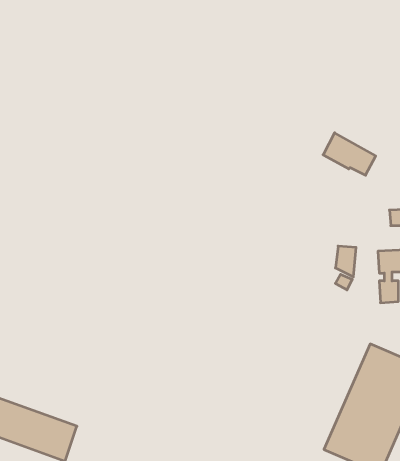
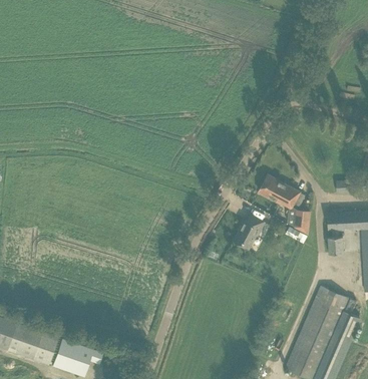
building: [323,133,376,175] -> [258,173,299,207]
building: none -> [233,214,265,249]

